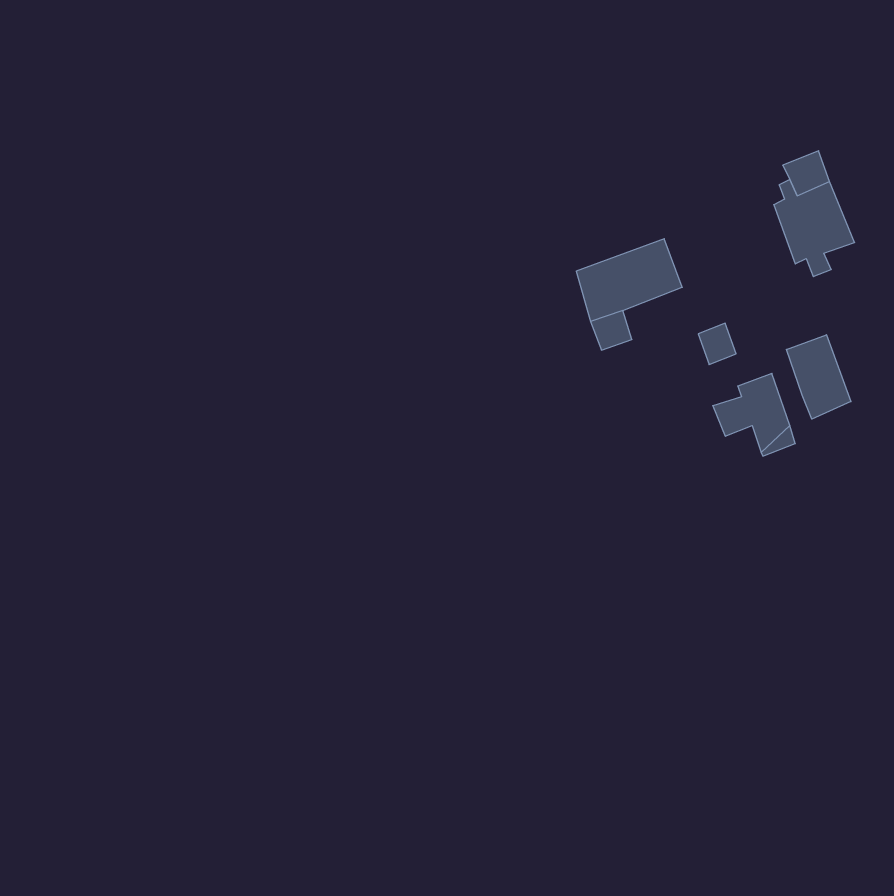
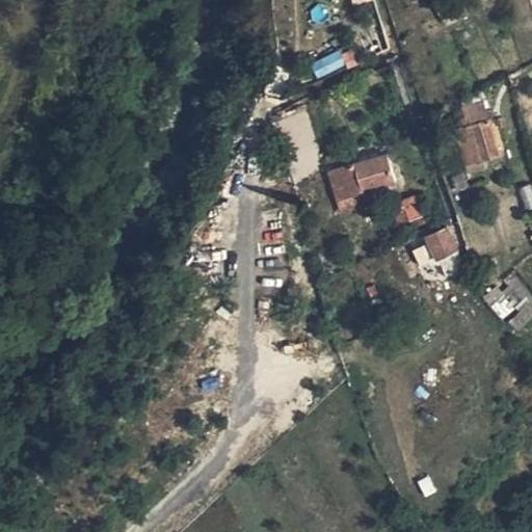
building: [786,335,851,419] -> none

